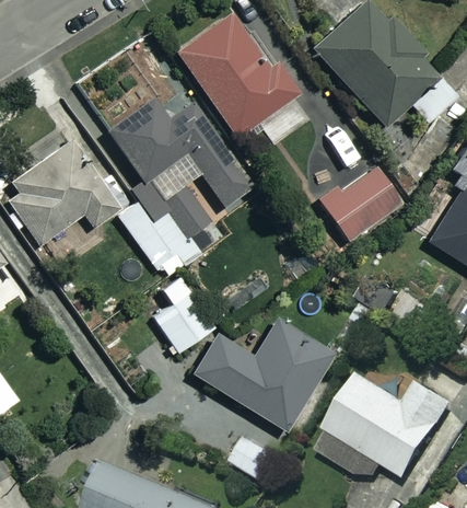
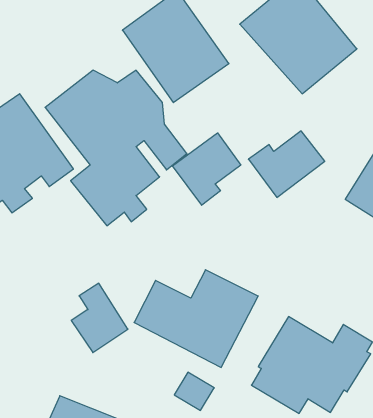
building: none -> [173,133,241,205]
building: [152,275,215,353] -> [71,283,128,353]

